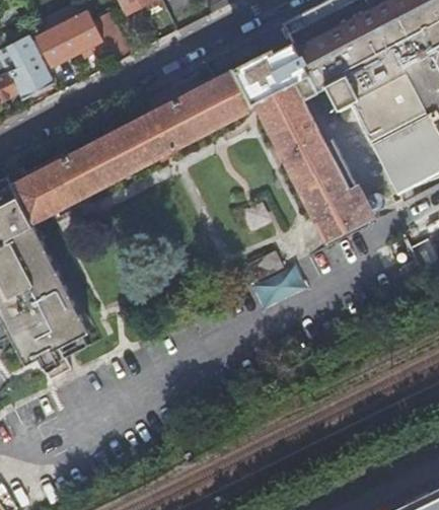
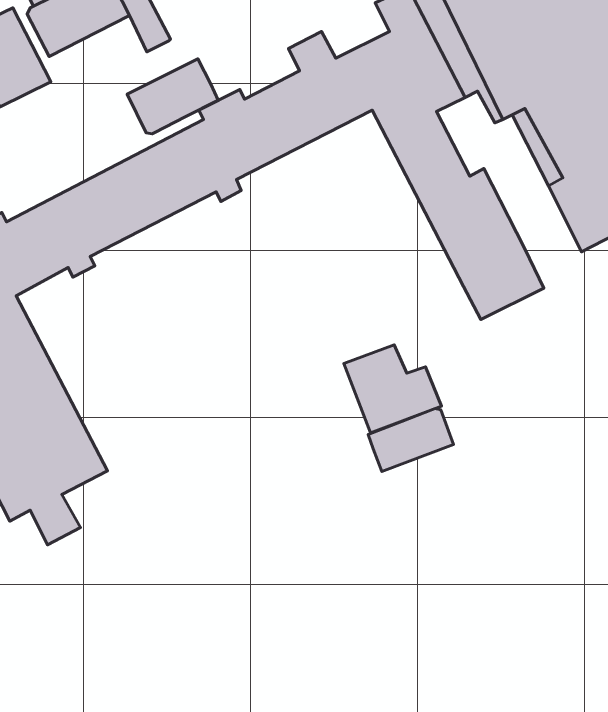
building: none -> [127,59,218,134]
building: none -> [368,408,454,471]

